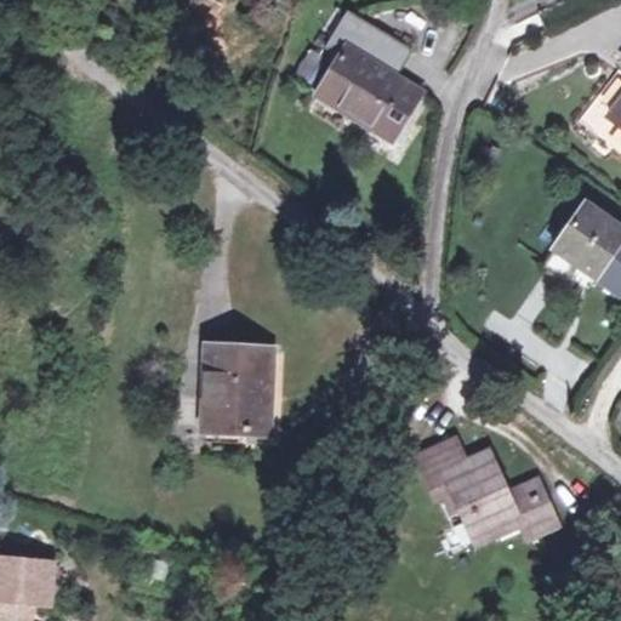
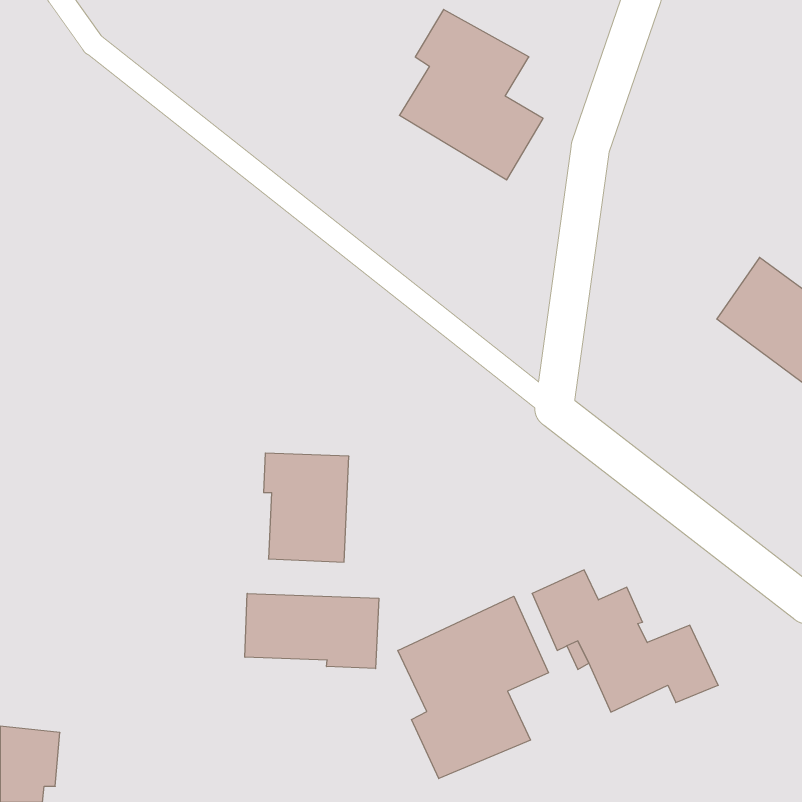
building: none -> [245,593,379,669]
building: none -> [398,596,548,779]

